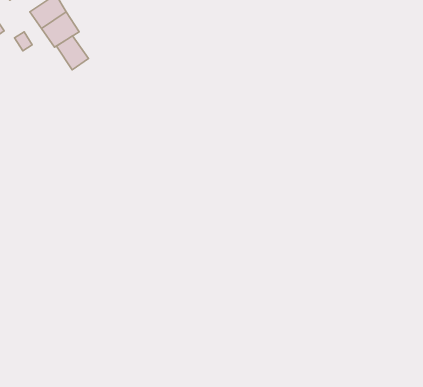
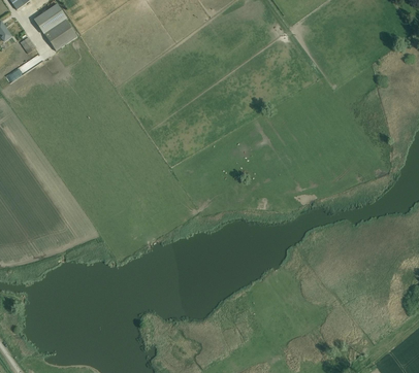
building: [57,36,89,70] -> none

